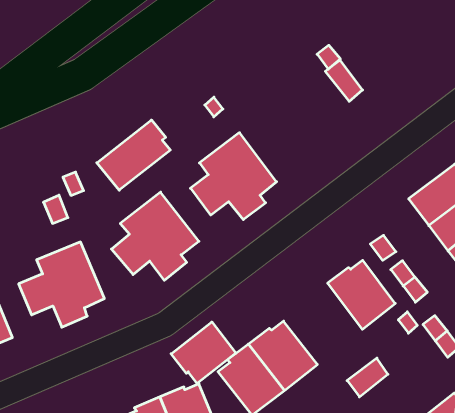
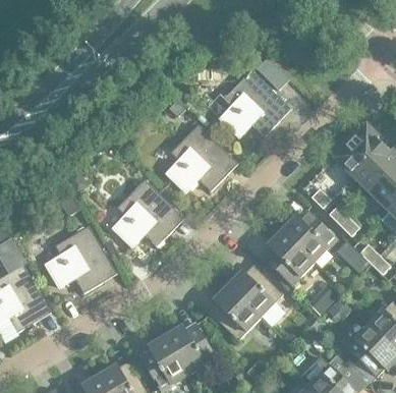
building: none -> [220,70,286,136]
building: [97,120,170,190] -> none
building: none -> [262,231,314,285]
building: [171,322,236,383] -> none

